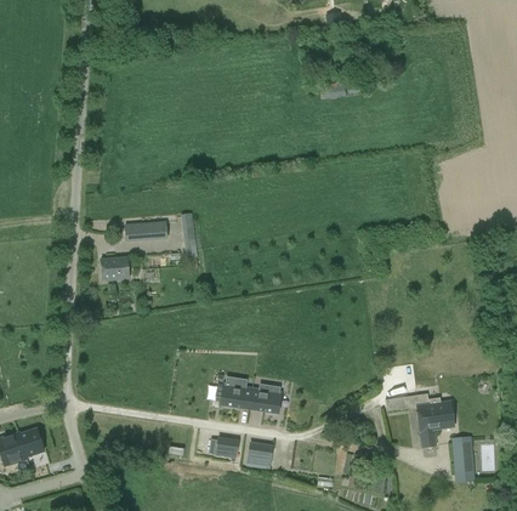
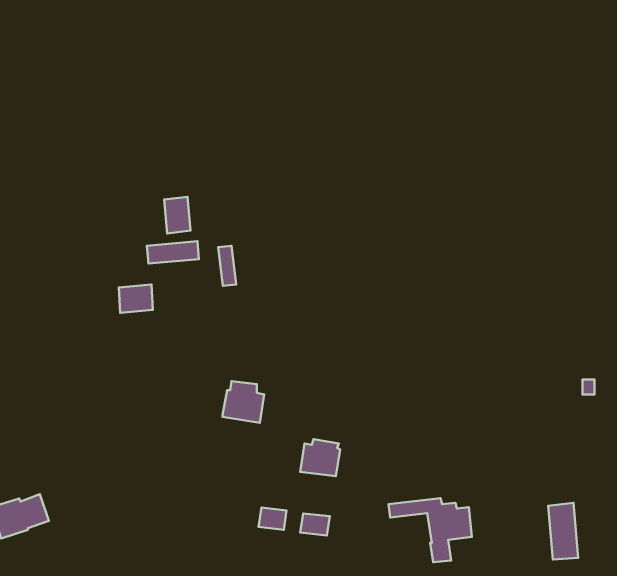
building: none -> [164,197,190,233]
building: [218,376,252,410] -> [223,381,264,423]
building: [385,394,453,447] -> [389,498,472,562]

